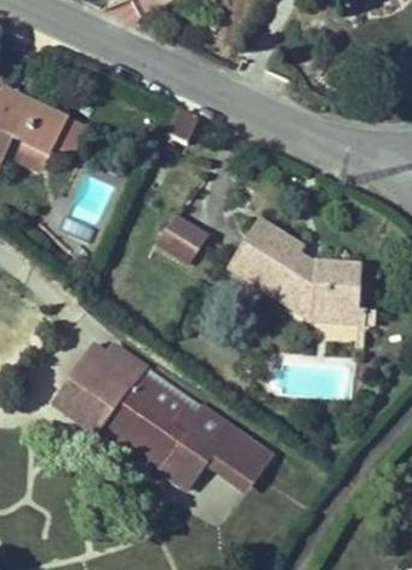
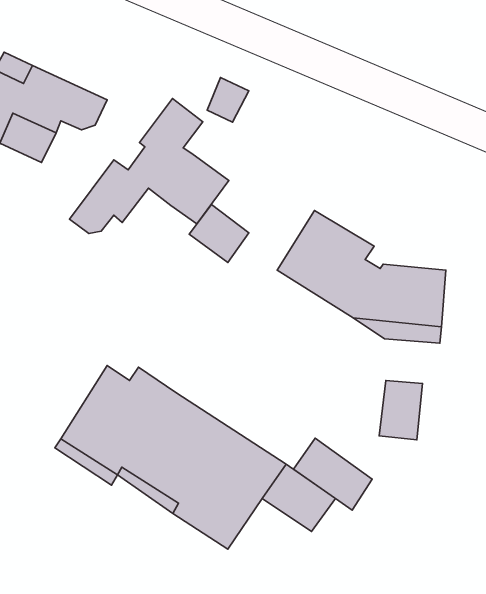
building: none -> [69,99,229,234]
building: none -> [379,381,422,440]
building: none -> [293,438,372,510]

